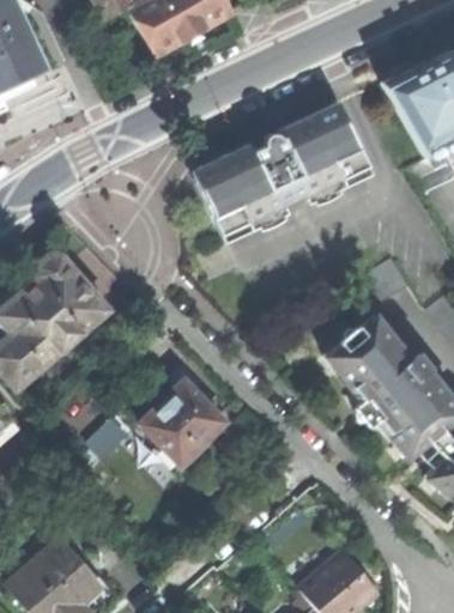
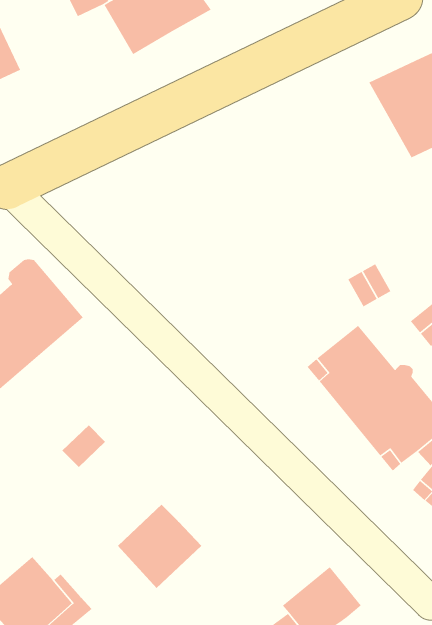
building: [206,102,374,242] -> none
building: [140,381,223,463] -> [117,504,202,589]

